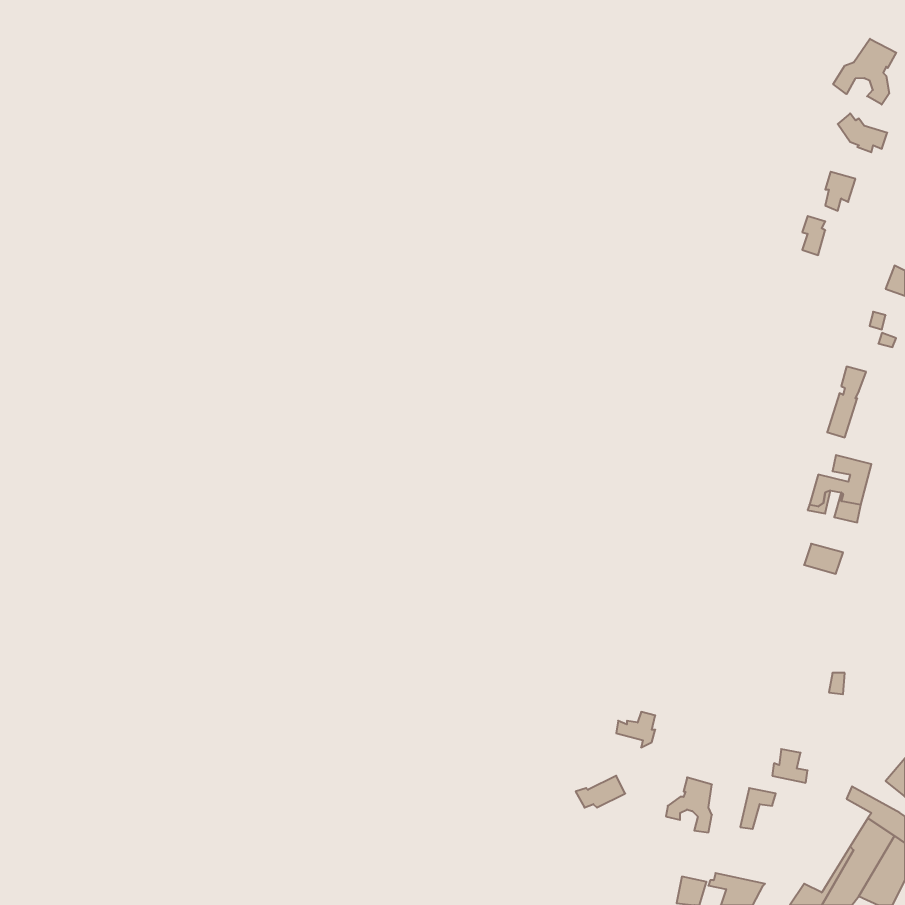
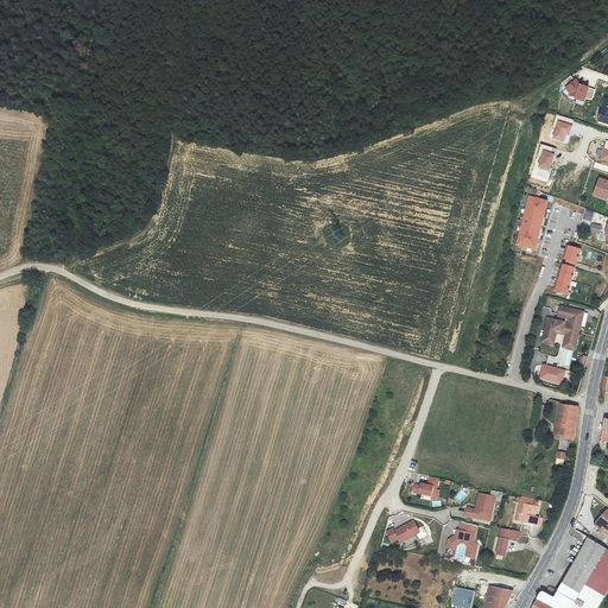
building: [833,39,896,105] -> none
building: none -> [515,195,547,249]
building: none -> [555,404,578,438]
building: none -> [466,493,496,521]

